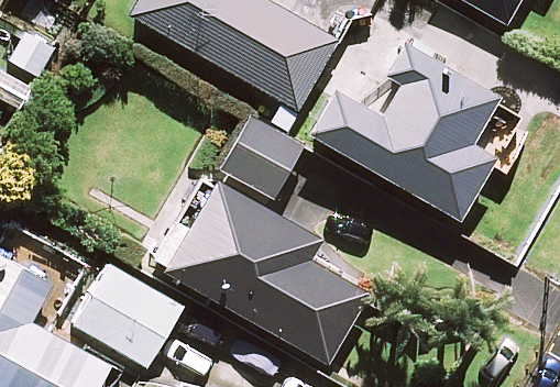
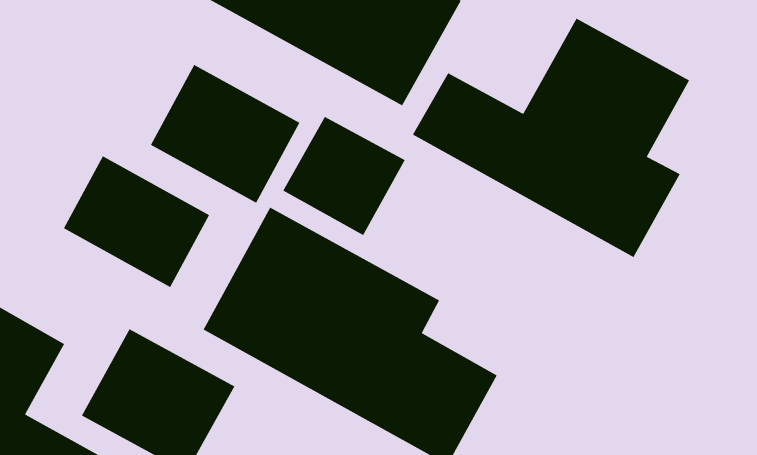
building: none -> [150,64,301,204]
building: none -> [63,155,210,288]

